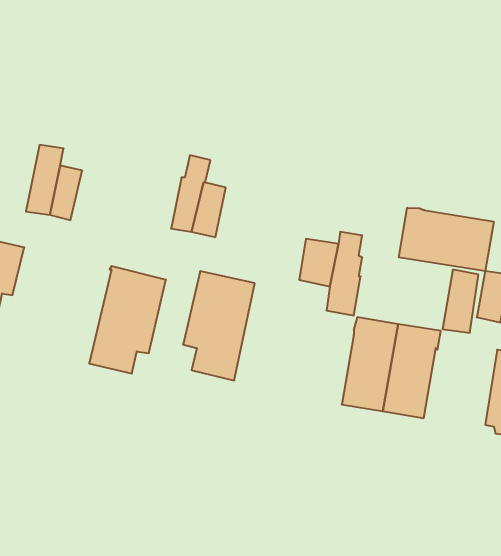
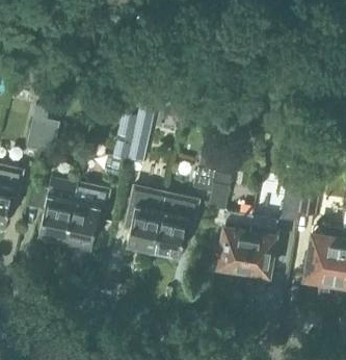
building: [399,208,494,271] -> none
building: none -> [38,177,78,240]
building: none -> [153,191,201,257]

